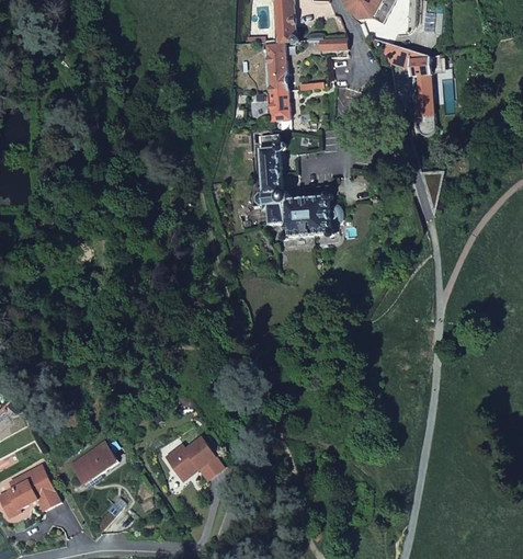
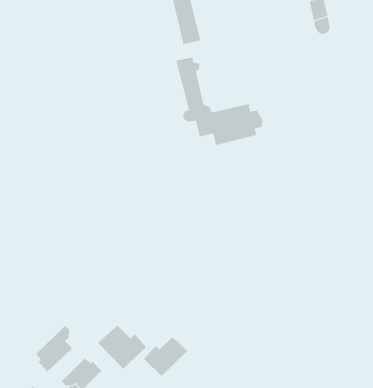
building: none -> [36,325,72,372]
building: none -> [97,325,147,369]

